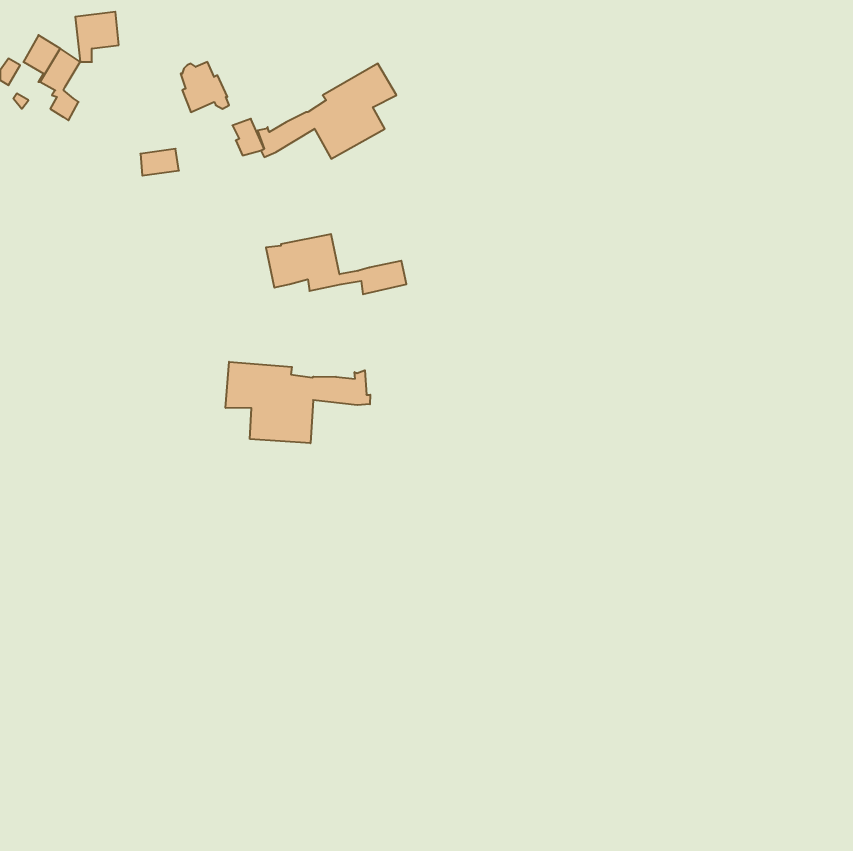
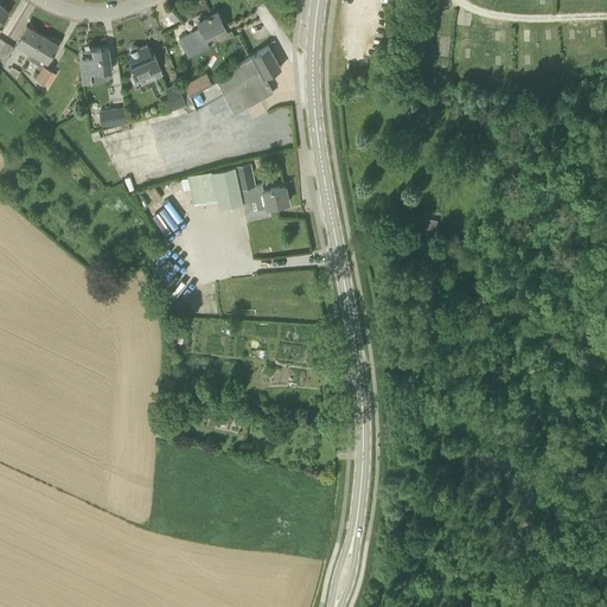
building: [75,12,119,62] -> [81,50,111,85]
building: none -> [181,14,226,58]
building: [226,362,370,443] -> none

